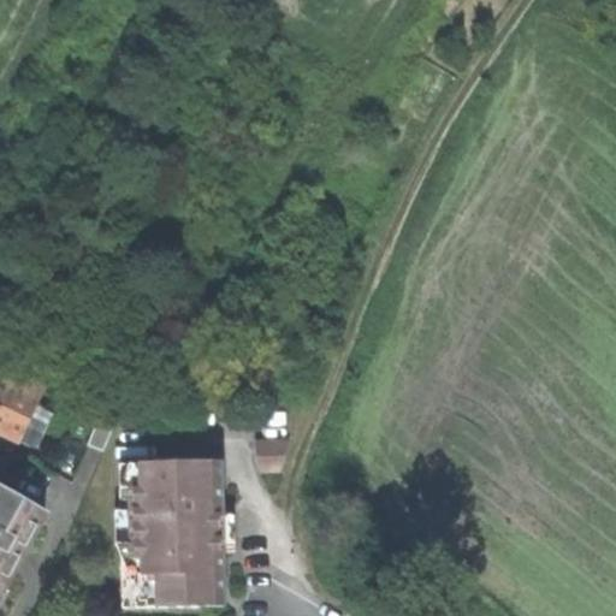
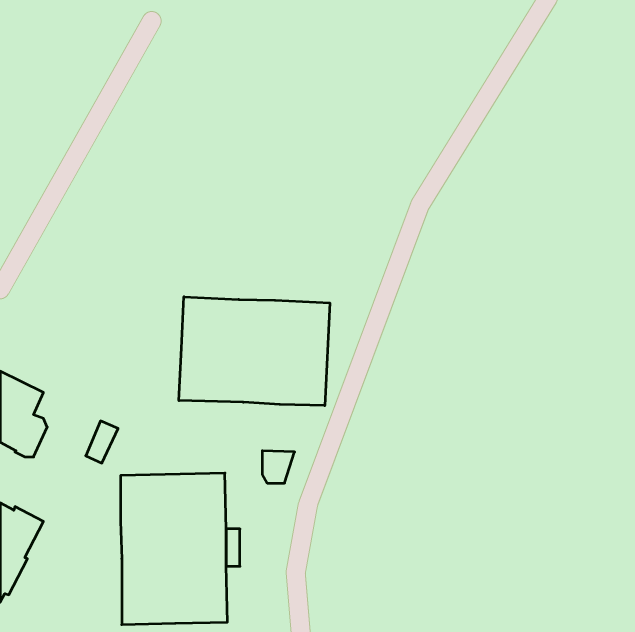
building: none -> [179,297,330,406]

